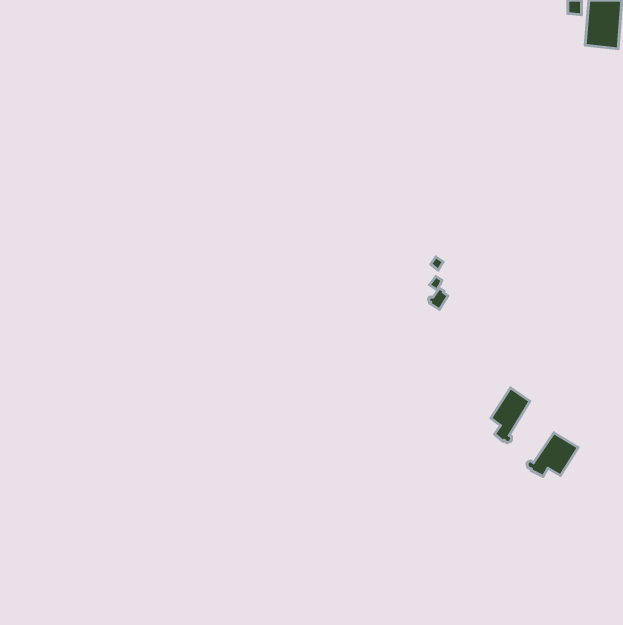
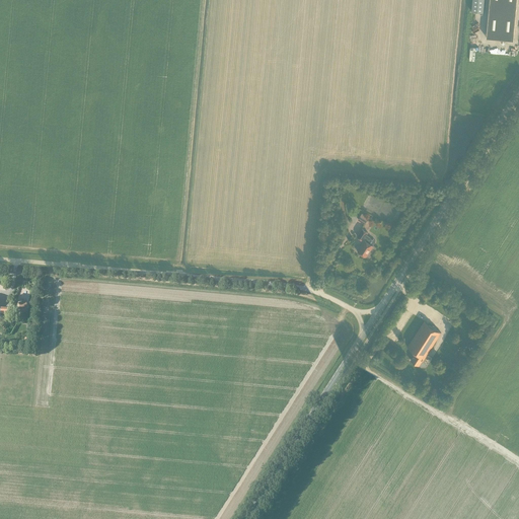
building: [527,433,578,477] -> none

